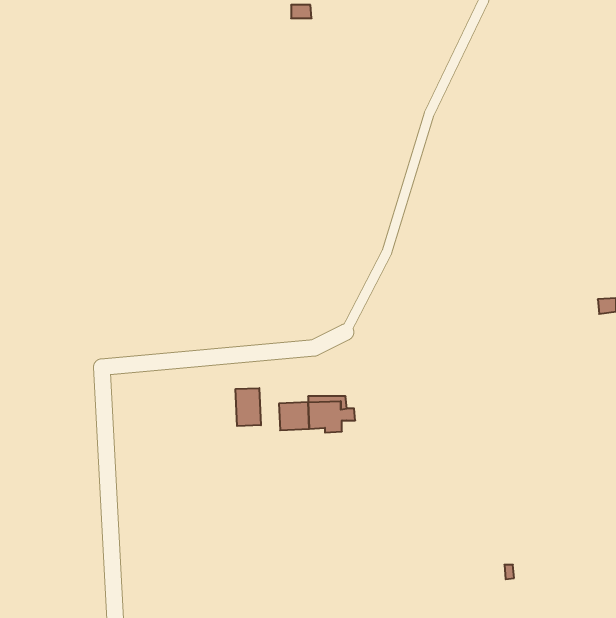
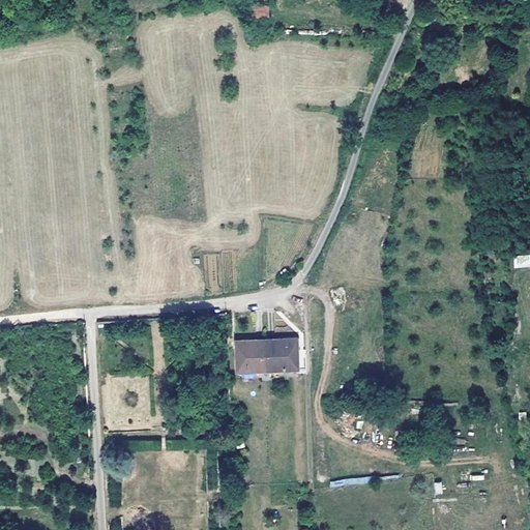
building: [236,388,261,426] -> none

